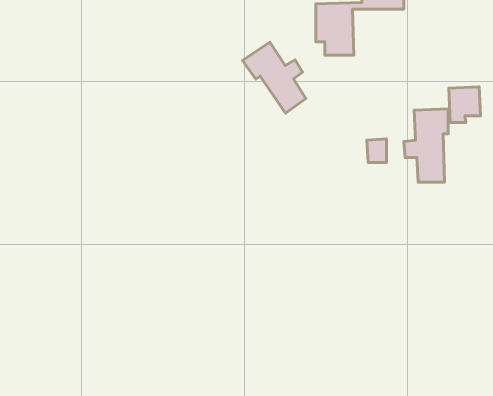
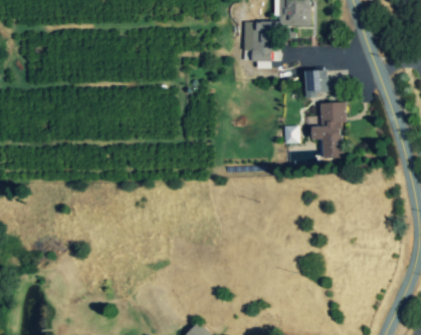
building: [242,42,306,113] -> none
building: [449,87,480,122] -> [304,70,329,97]

